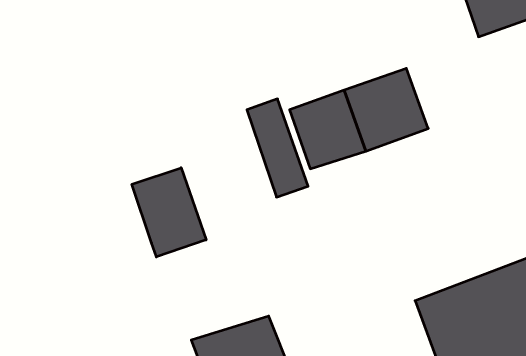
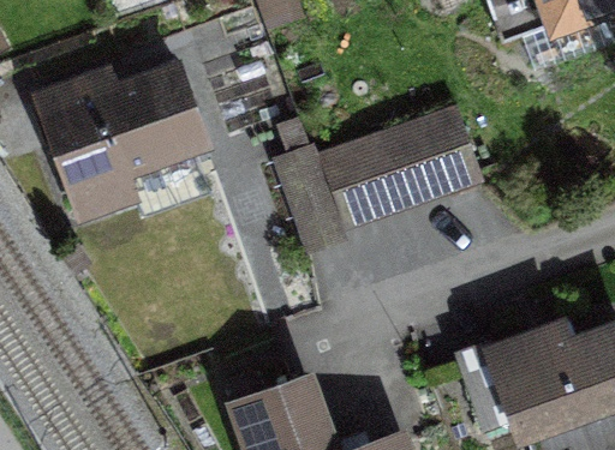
building: none -> [43,65,208,211]
building: [132,168,206,257] -> none

